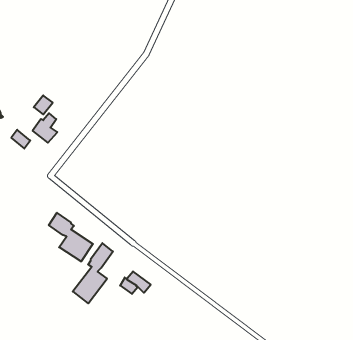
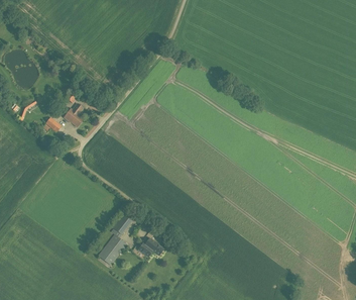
building: [49,213,93,262] -> none

